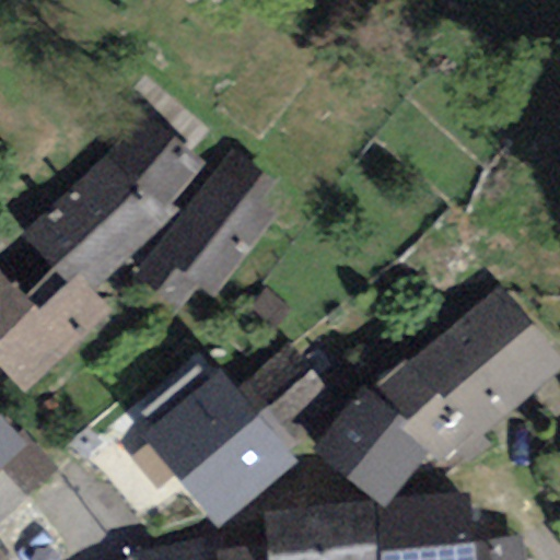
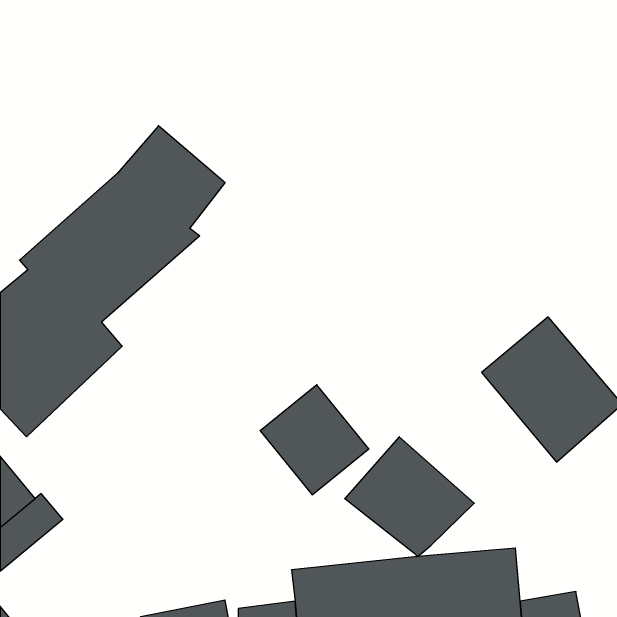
building: [136,155,272,312] -> none
building: [376,338,504,469] -> none
building: [140,373,295,530] -> none

